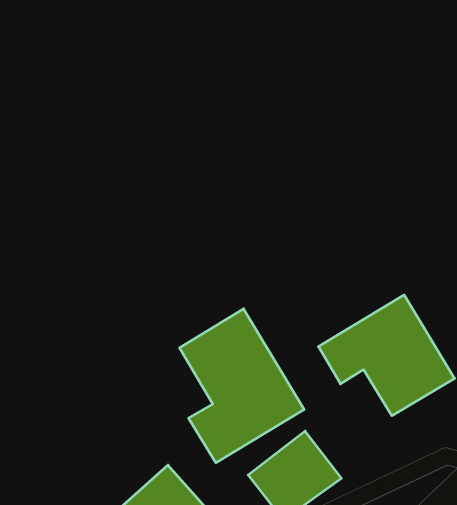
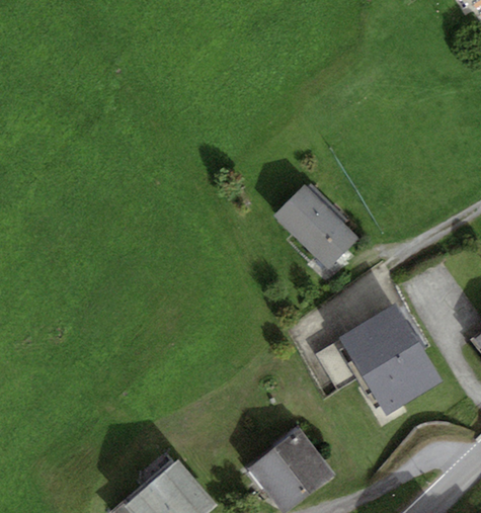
building: none -> [277,188,358,268]
building: [180,309,304,463] -> none

